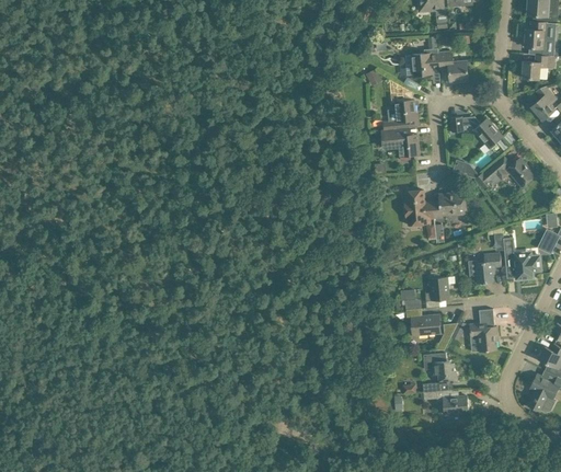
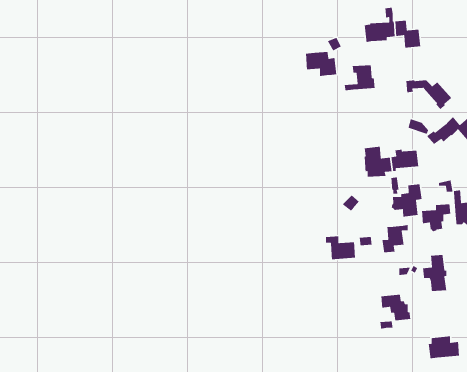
building: [383,127,419,156] -> [305,51,337,77]
building: none -> [391,183,422,218]
building: [405,308,439,335] -> [325,235,356,260]
building: [433,389,468,415] -> [428,335,460,359]

